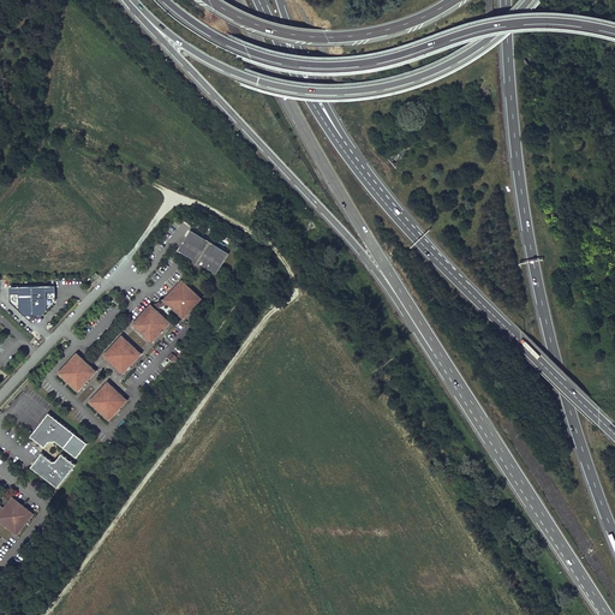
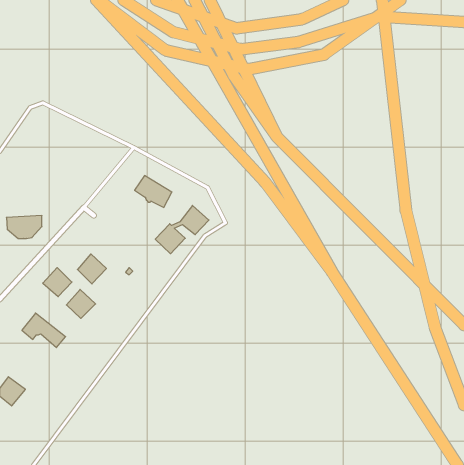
building: [130,277,201,341] -> [155,205,209,254]
building: [30,454,74,489] -> none

